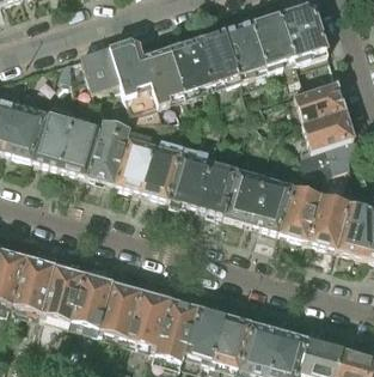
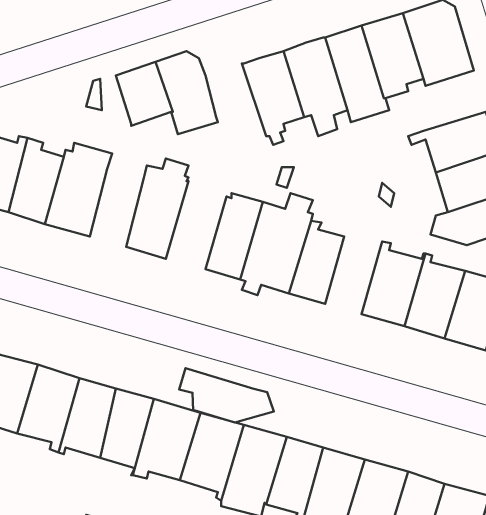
building: [143,48,185,108] -> none
building: [63,110,102,175] -> none
building: [116,129,158,190] -> none
building: [226,166,265,221] -> none
building: none -> [179,368,274,422]

